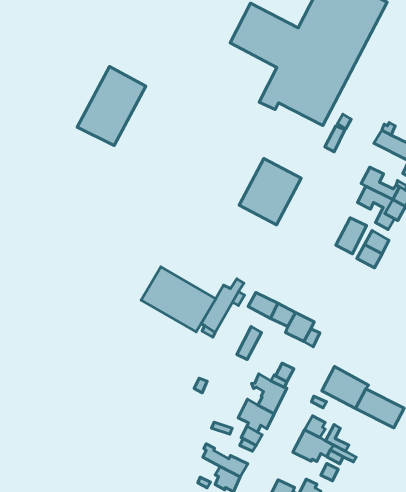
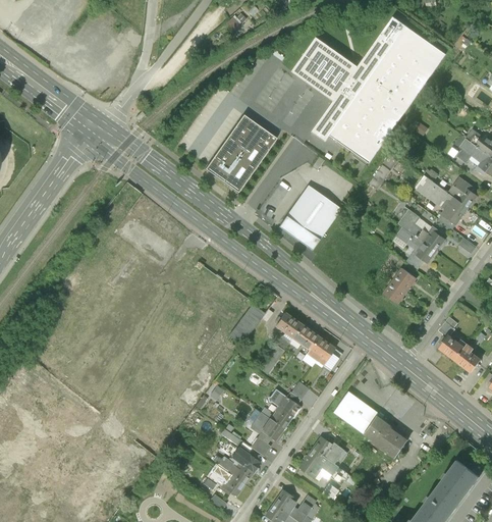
building: [77,66,146,146] -> [205,115,275,191]
building: [336,218,366,254] -> none
building: [141,267,216,332] -> none

